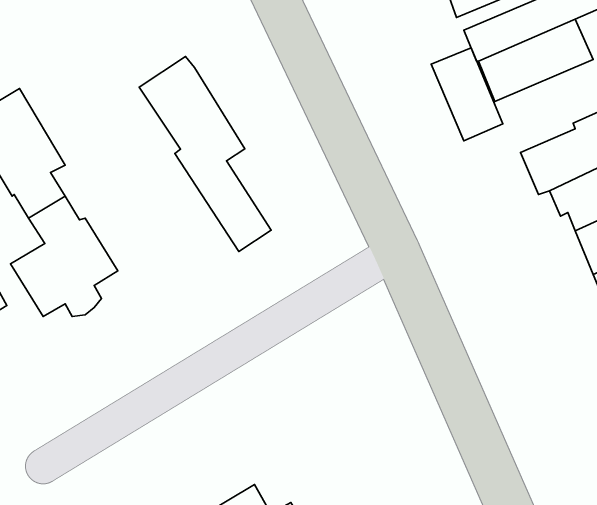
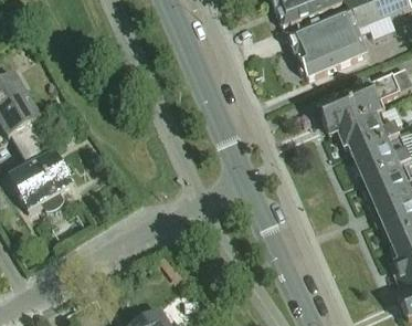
building: [431,48,503,141] -> none
building: [139,56,271,252] -> none

